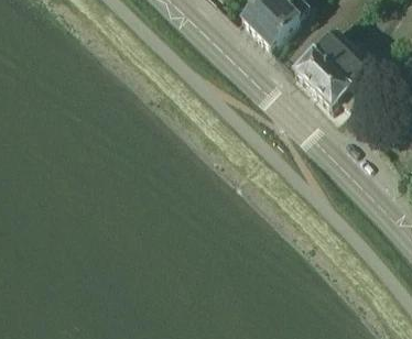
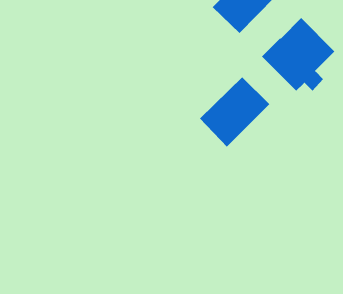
building: none -> [199,76,270,148]

